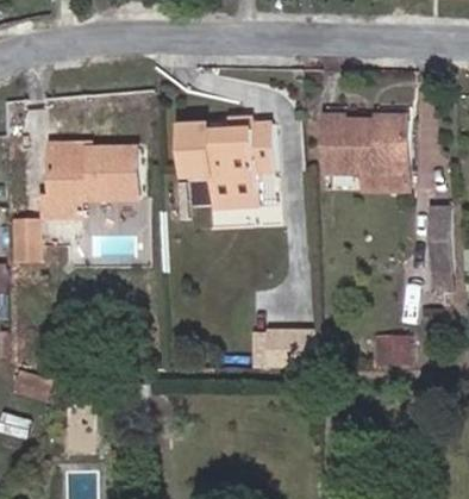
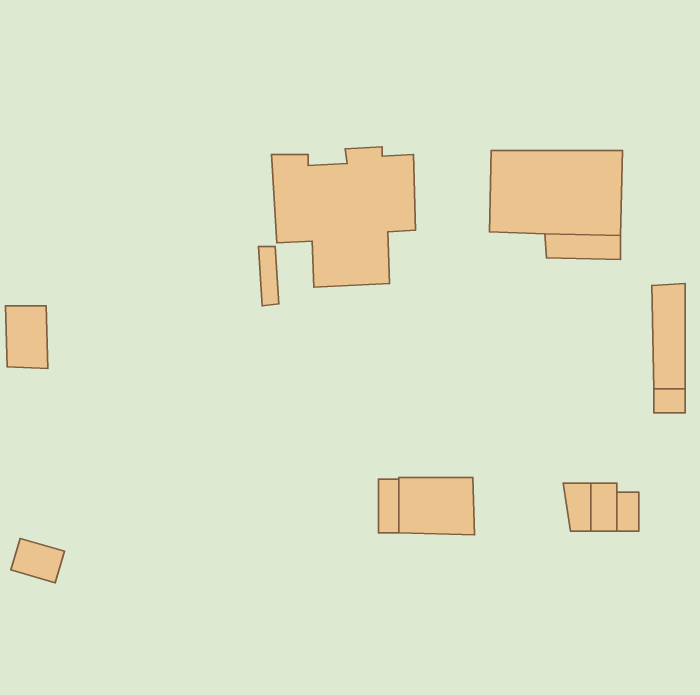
building: [40,146,137,217] -> none

